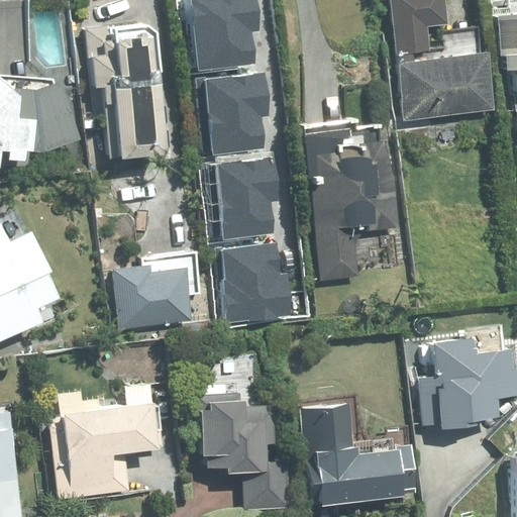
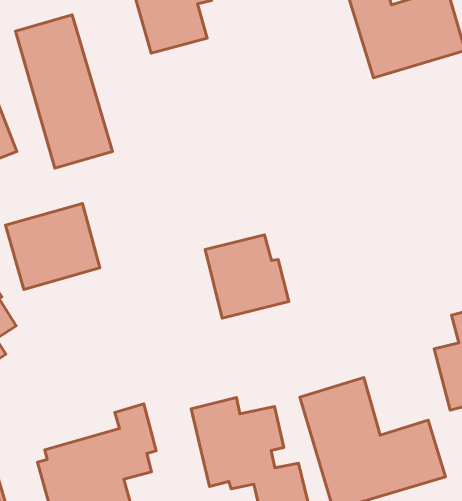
building: [209,74,279,153] -> none
building: [299,118,398,279] -> none
building: [221,161,291,239] -> none
building: [111,258,191,328] -> [5,204,100,289]

